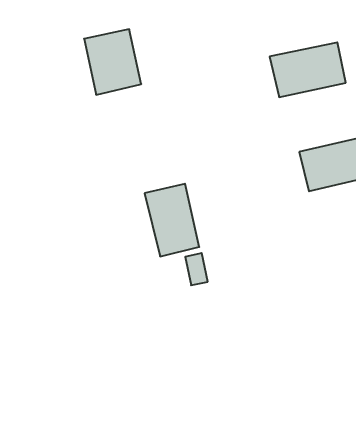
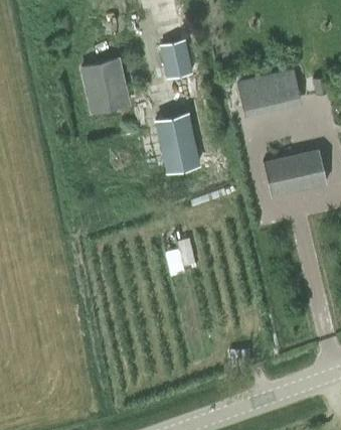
building: none -> [159,39,193,79]
building: [145,184,199,256] -> [154,112,200,173]

